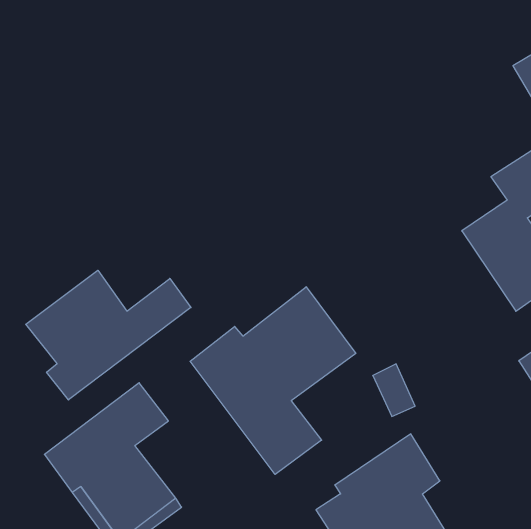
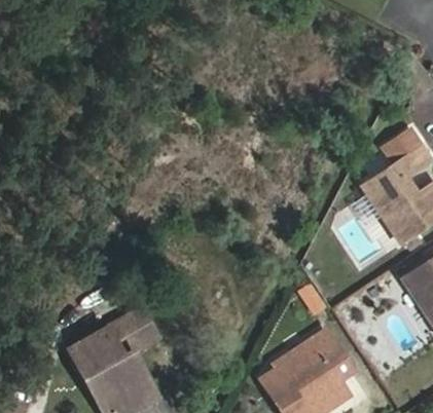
building: [26,270,191,400] -> none
building: [190,287,356,474] -> none

